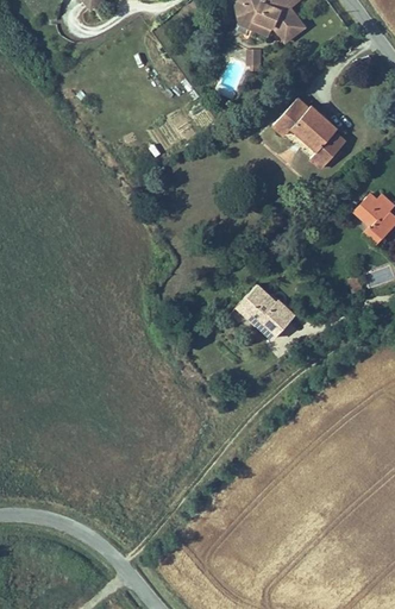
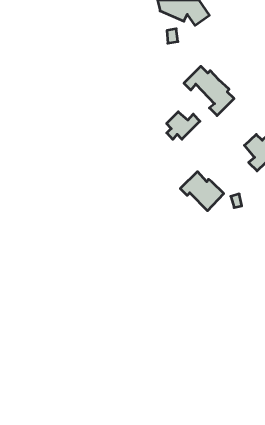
building: none -> [167,112,200,139]
building: [230,277,290,332] -> [180,172,224,211]

